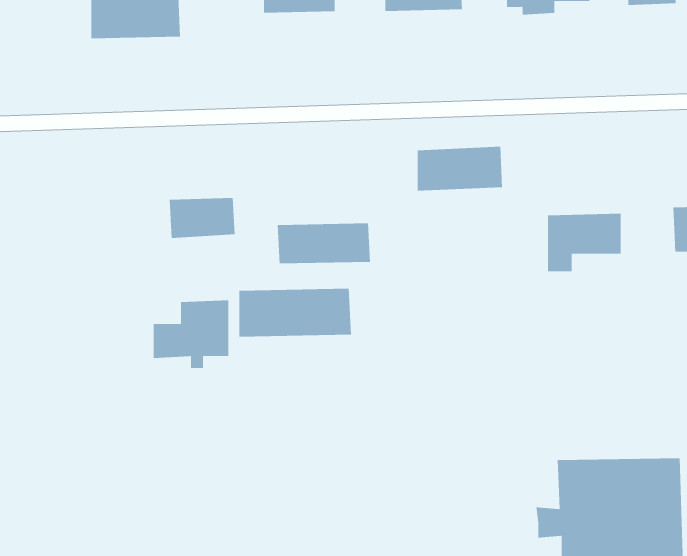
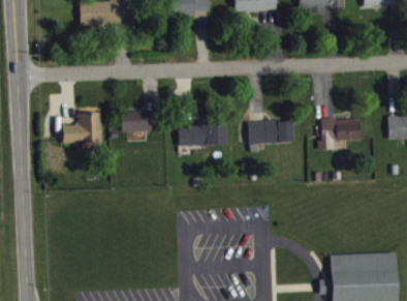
building: [417,146,503,191] -> [249,121,294,145]
building: [239,288,351,337] -> none
building: [153,300,229,368] -> [63,113,103,149]

